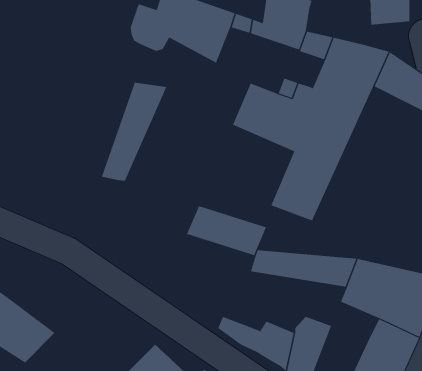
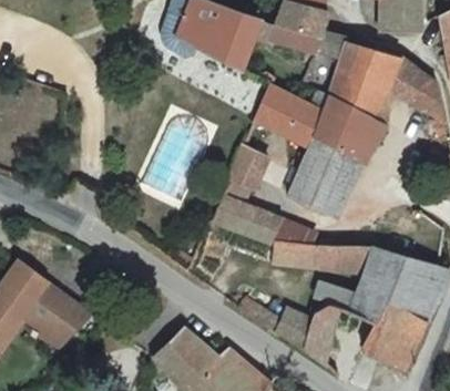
building: [101,82,167,182] -> none
building: none -> [225,150,268,199]
building: none -> [308,278,389,325]

